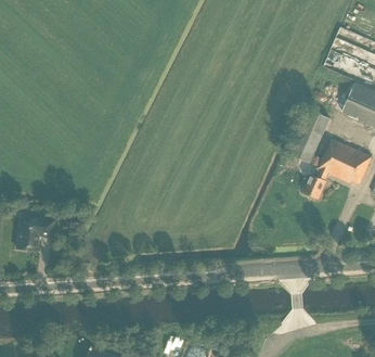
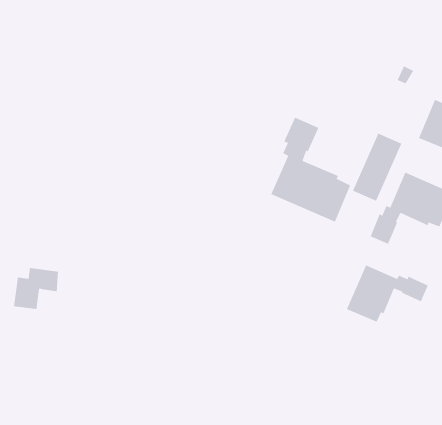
building: none -> [270,117,351,222]
building: none -> [346,264,429,322]

